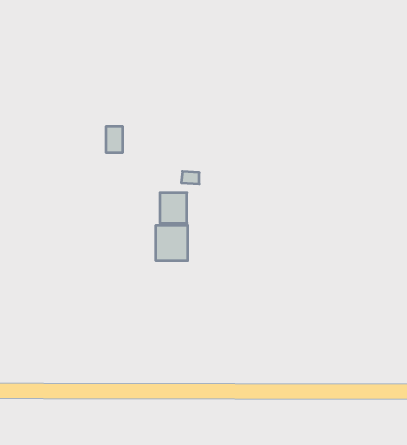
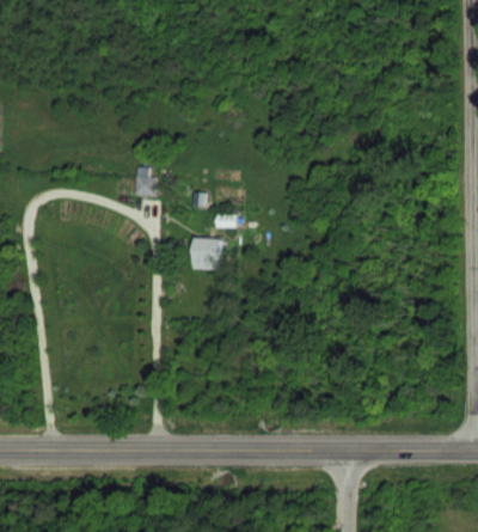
building: [156,225,188,261] -> none

